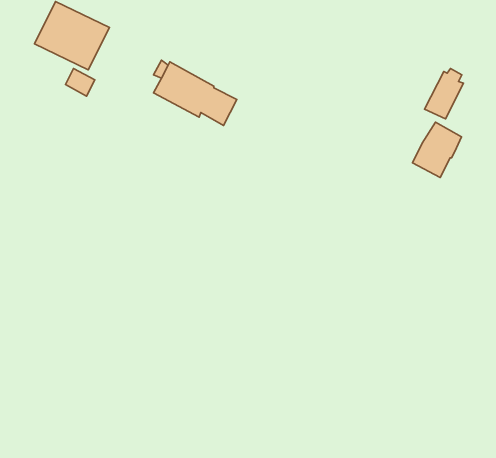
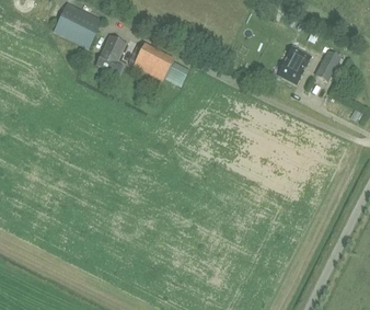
building: none -> [97,35,126,71]
building: [412,122,461,178] -> [278,46,311,83]

